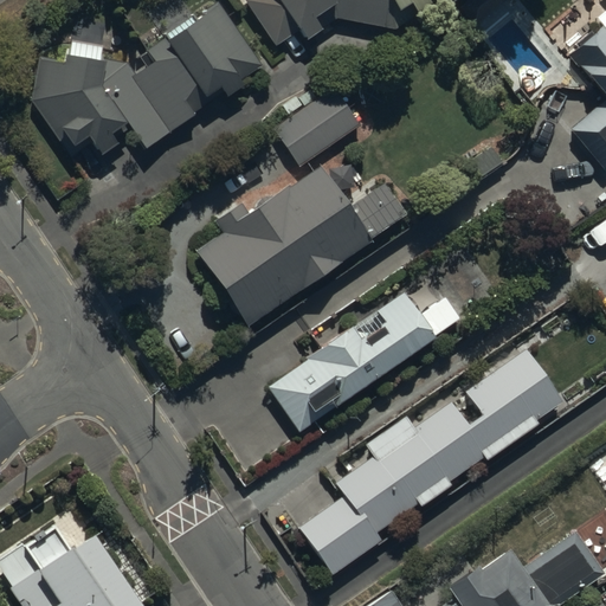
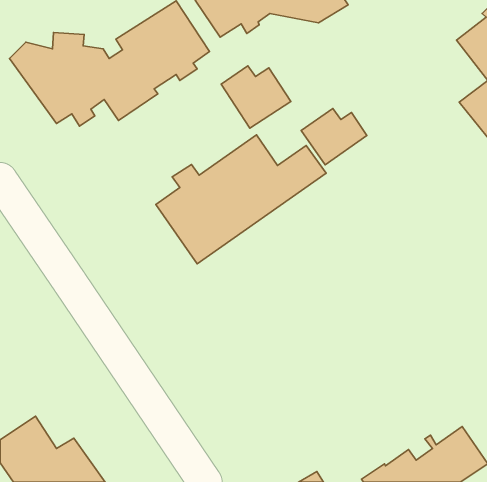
building: none -> [301,108,367,165]
building: [269,283,460,431] -> none
building: [296,344,563,581] -> none

